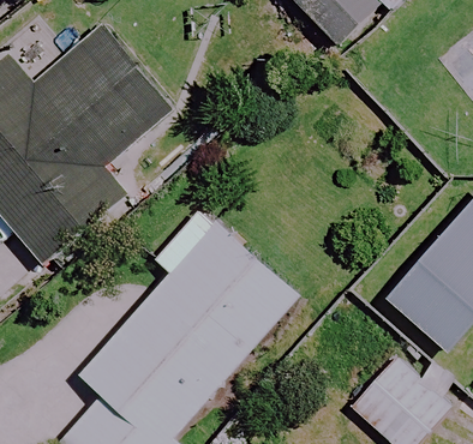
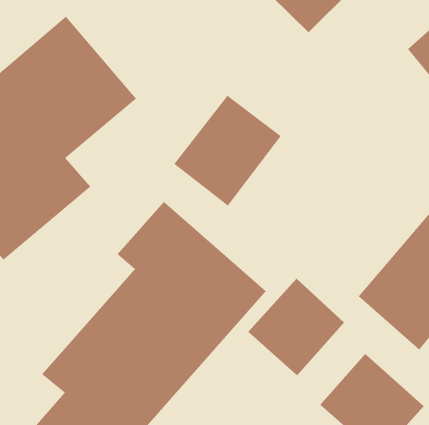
building: none -> [174,95,282,206]
building: none -> [247,278,345,376]

